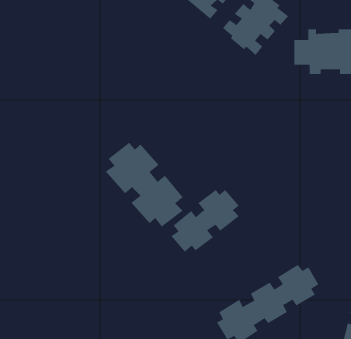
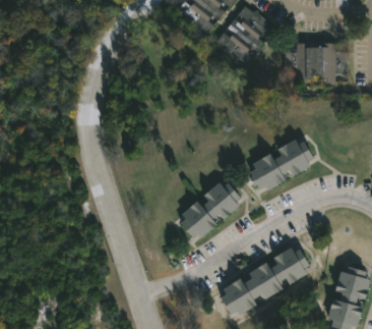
building: none -> [247,138,310,189]
building: [105,142,183,228] -> none

